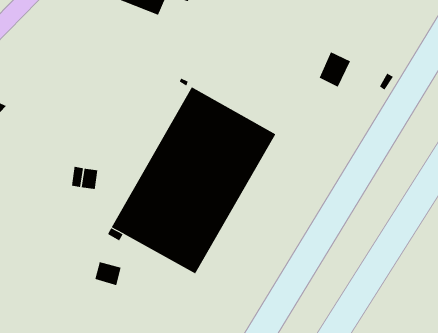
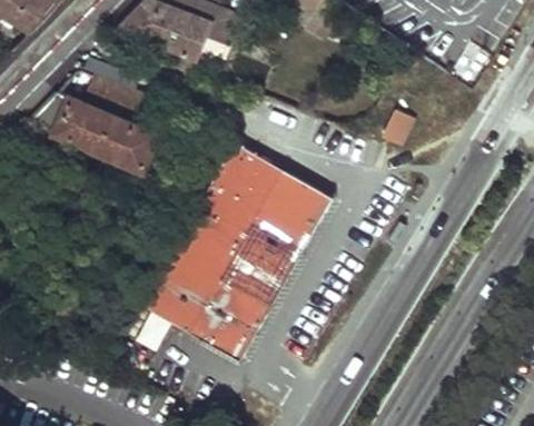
building: none -> [27,79,160,171]

